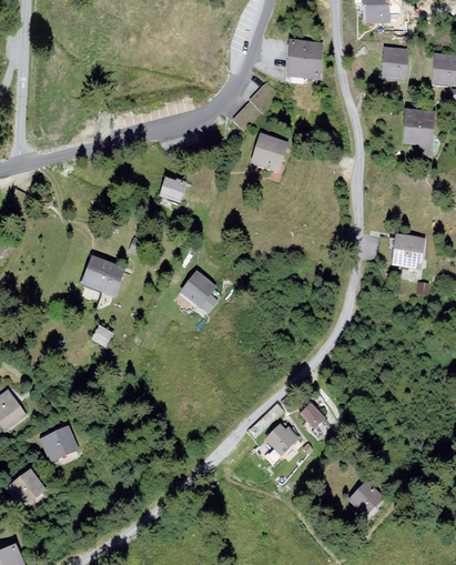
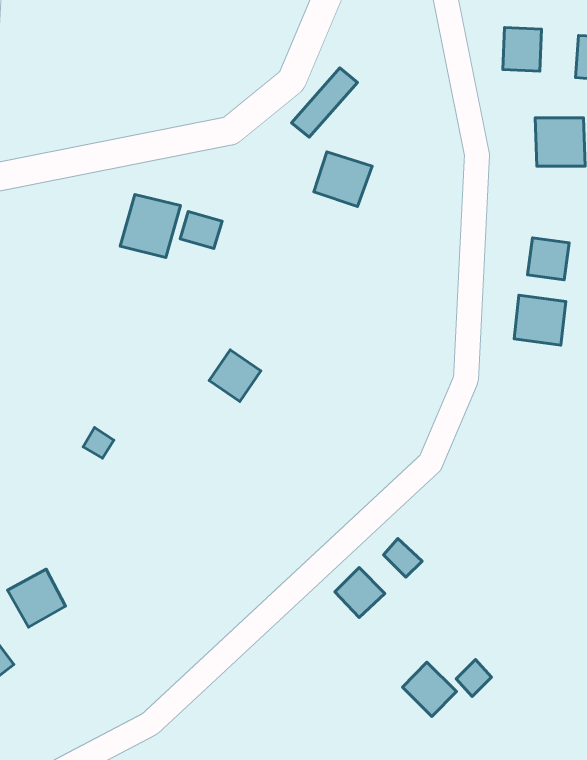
building: [283,41,322,77] -> none
building: none -> [120,194,181,257]
building: none -> [527,238,569,280]
building: [80,256,125,296] -> none
building: none -> [402,662,456,717]

